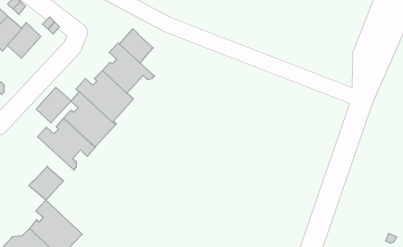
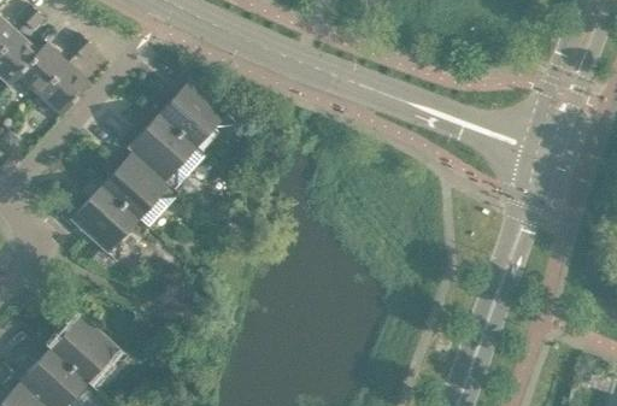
building: [119,29,153,63] -> none
building: [36,87,71,123] -> [37,63,89,116]
building: [29,166,63,200] -> none

